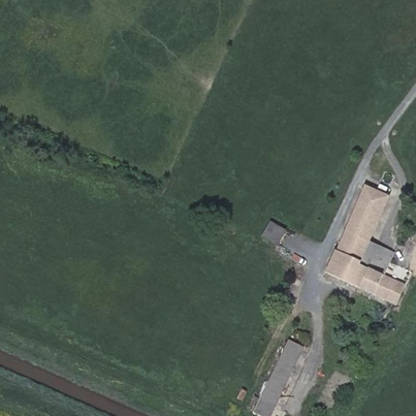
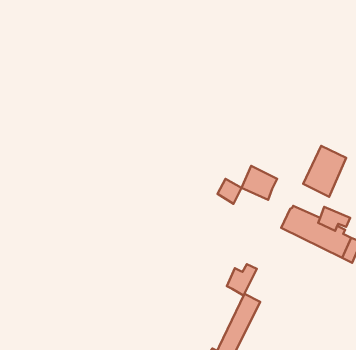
building: [338,225,375,260] -> [241,166,277,200]
building: none -> [227,264,257,295]

